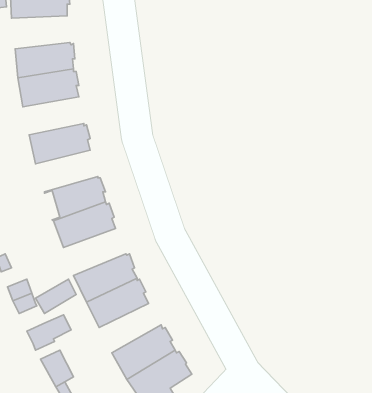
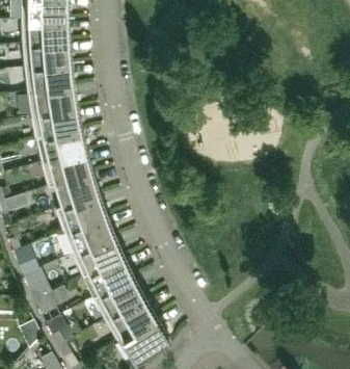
building: none -> [21,41,71,68]
building: none -> [30,107,80,138]
building: none -> [41,151,91,185]
building: none -> [63,215,114,254]
building: none -> [92,276,143,317]

